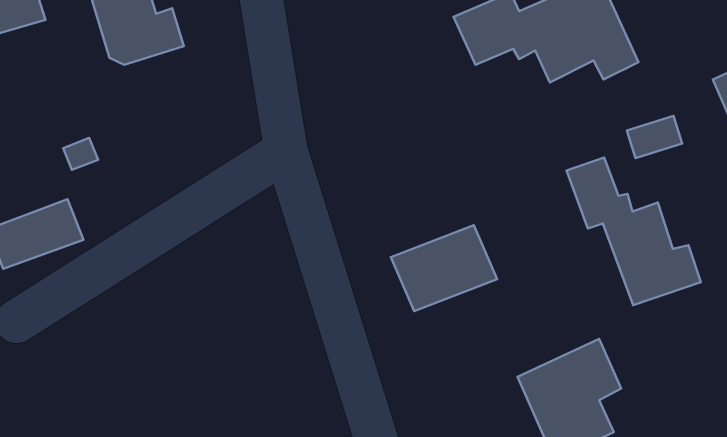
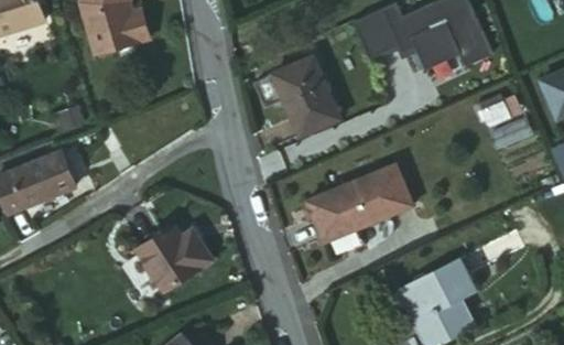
building: none -> [271,58,340,138]
building: [566,157,701,305] -> none
building: none -> [365,164,409,216]
building: none -> [142,216,219,284]

